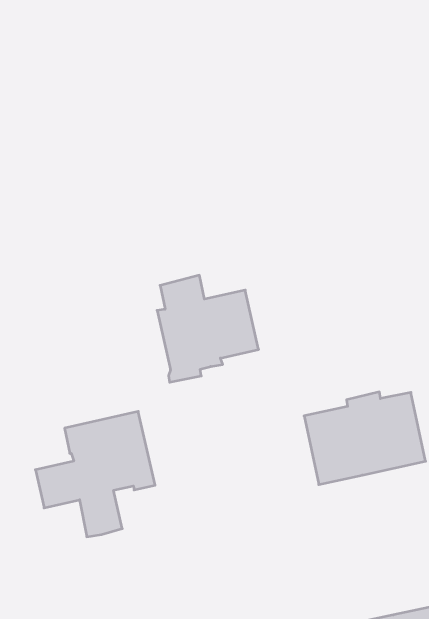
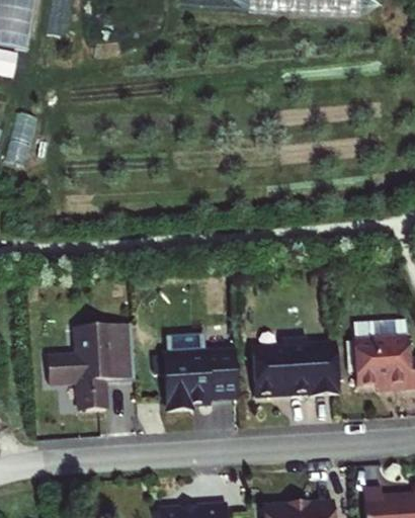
building: [157,275,259,382] -> [165,335,236,411]

